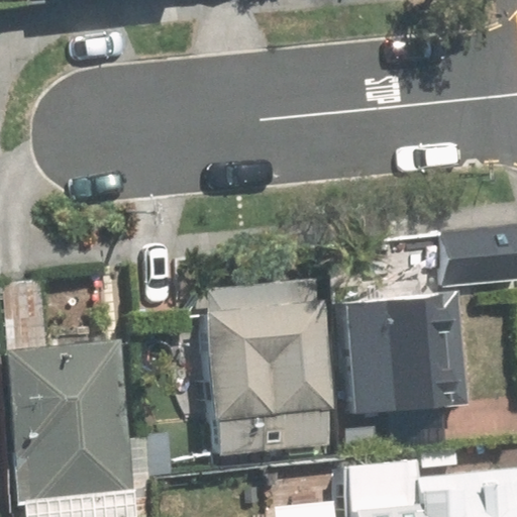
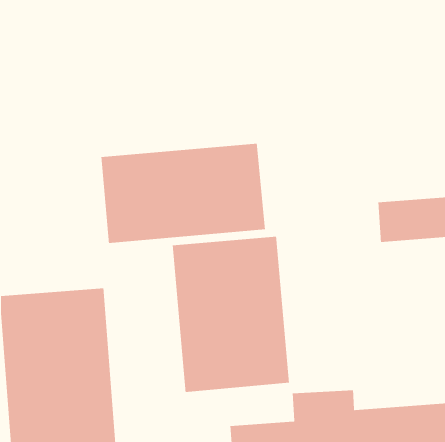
building: none -> [101,143,266,244]
building: [344,294,463,415] -> none

